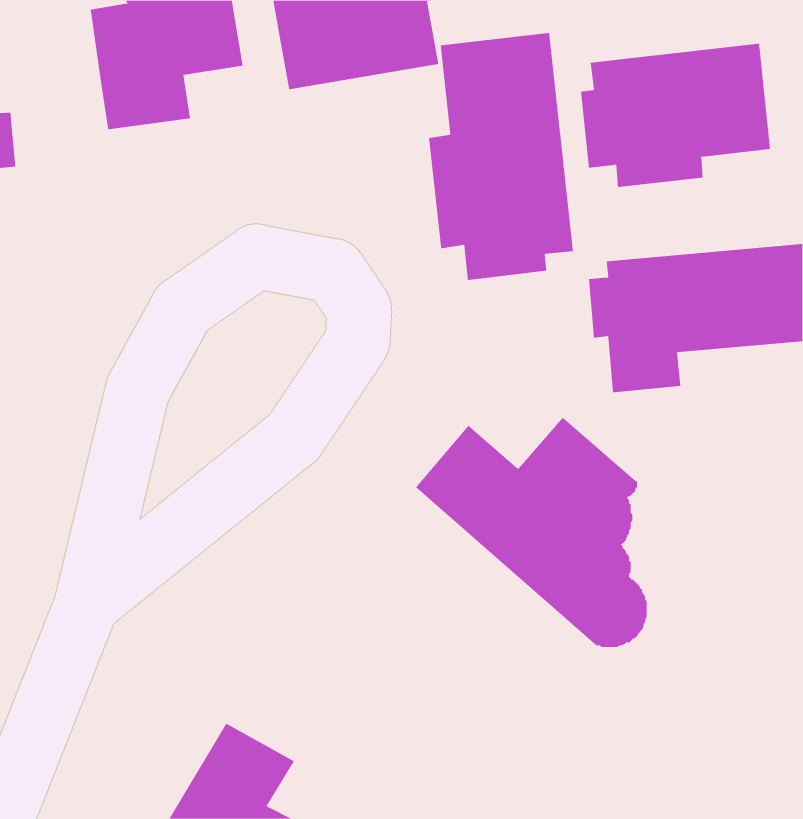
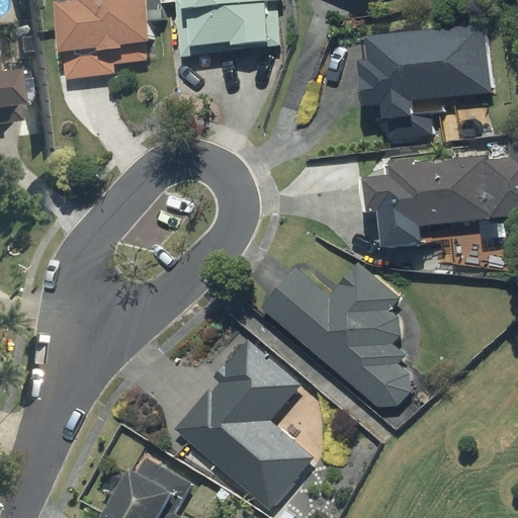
building: [428,32,574,281] -> none
building: none -> [172,344,314,511]

